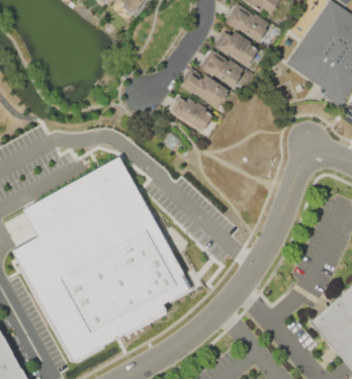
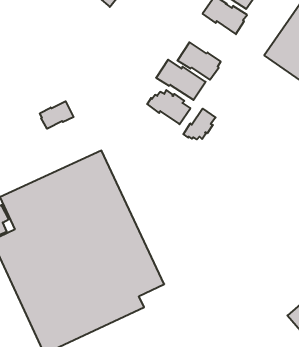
building: [214,30,258,65] -> none
building: none -> [40,101,74,129]
building: none -> [183,109,216,139]

